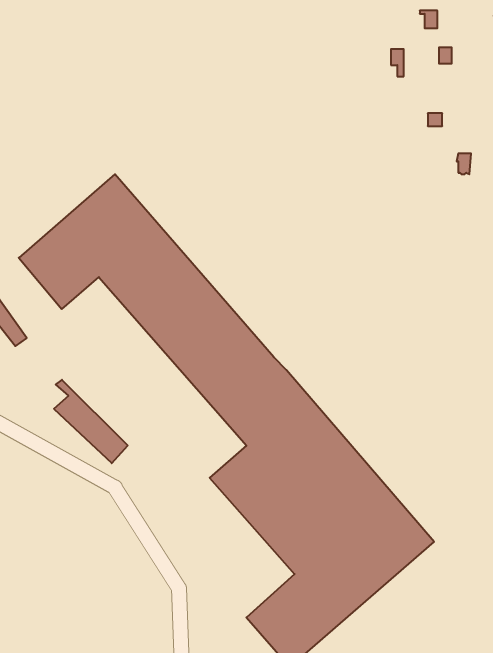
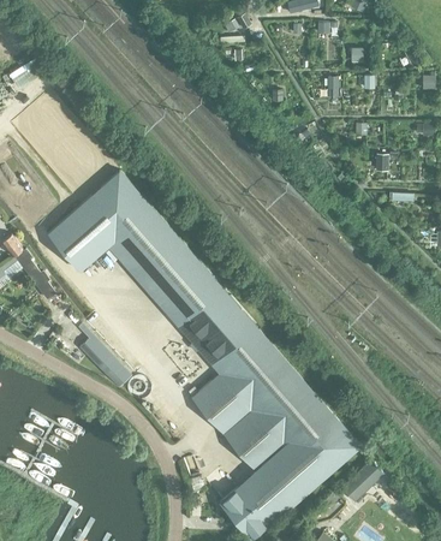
building: none -> [340,459,382,500]

